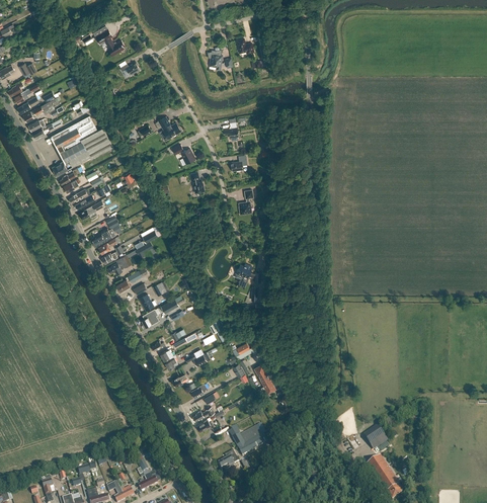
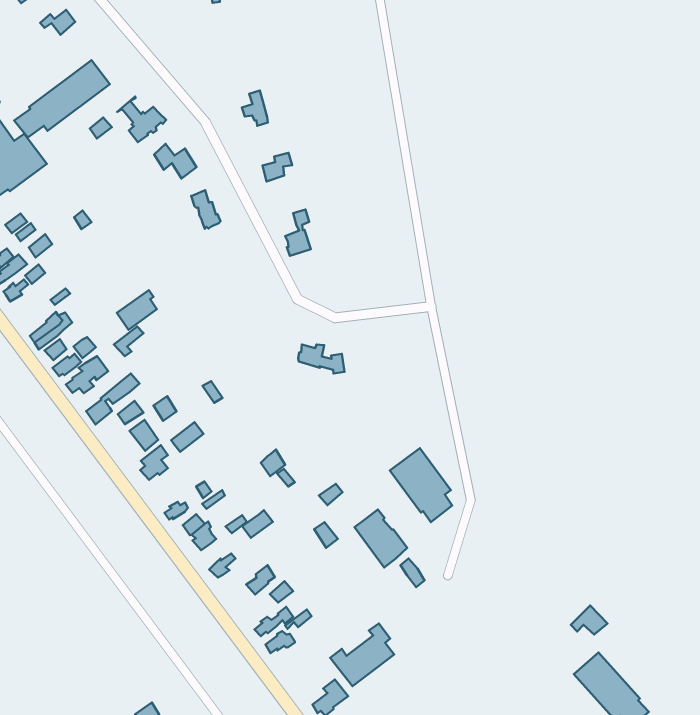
building: none -> [14,60,110,138]
building: none -> [390,448,452,522]

